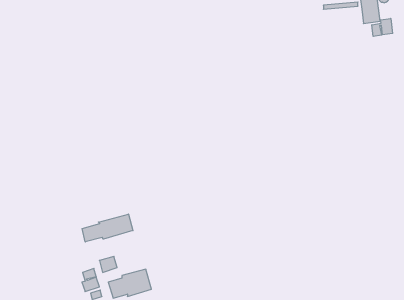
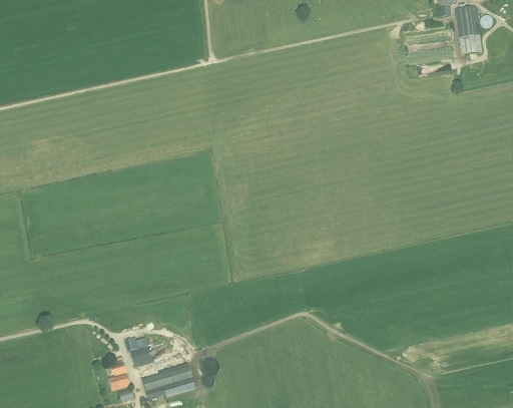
building: [372,18,393,36] -> none
building: [82,214,133,242] -> none

